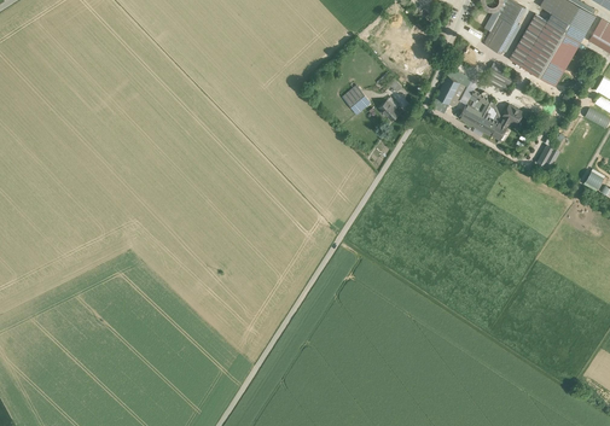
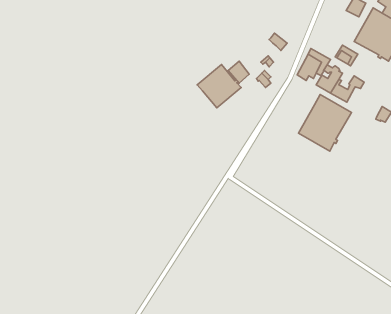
building: [486,18,516,53] -> none
building: none -> [197,64,241,108]
building: none -> [299,94,352,151]

